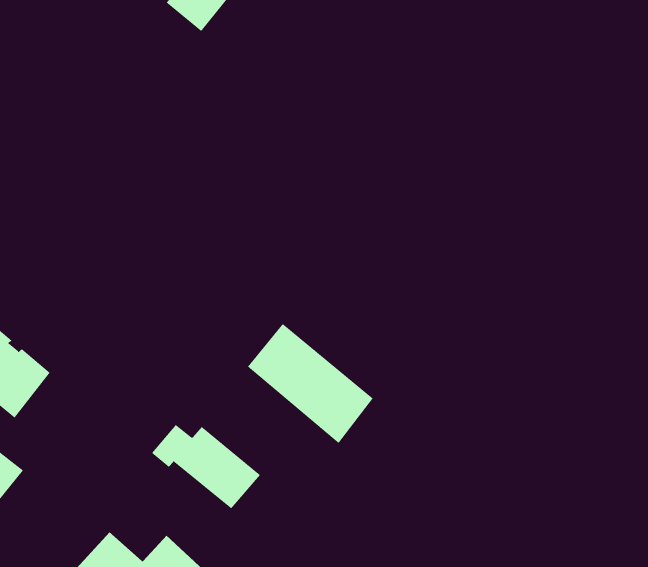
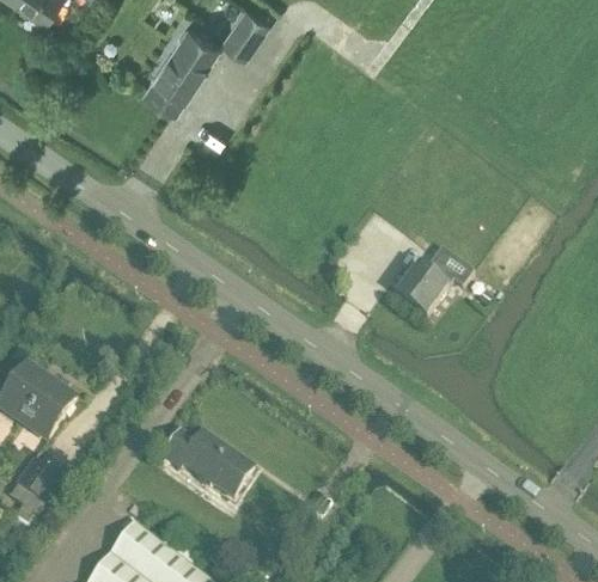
building: none -> [393,251,470,319]
building: [247,323,374,444] -> none

